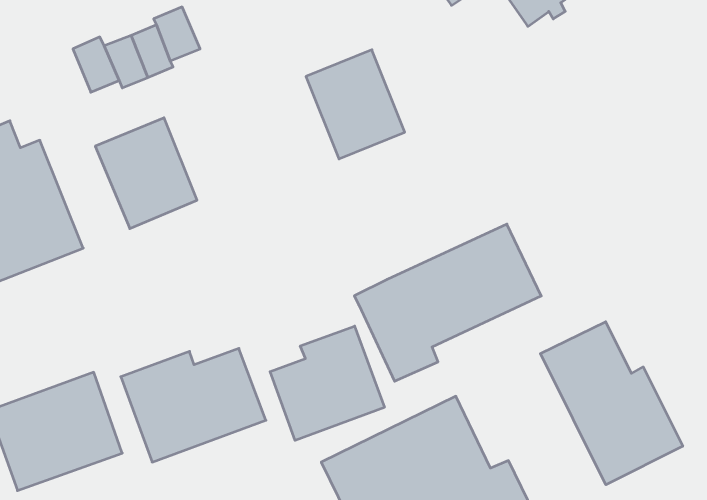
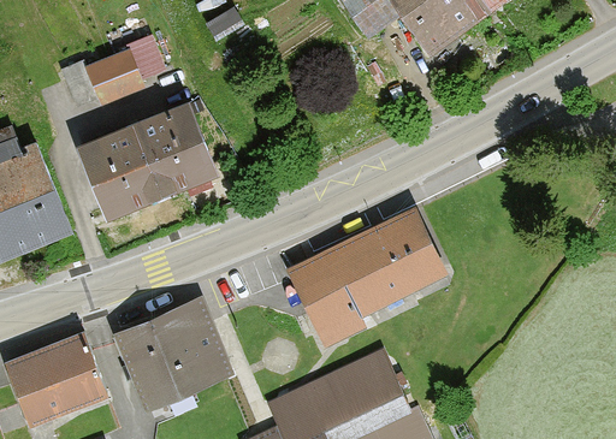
building: [306,50,405,159] -> [140,106,219,194]
building: [540,322,683,485] -> none
building: [270,326,384,440] -> none

